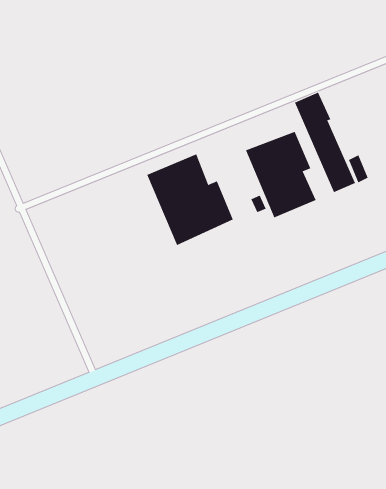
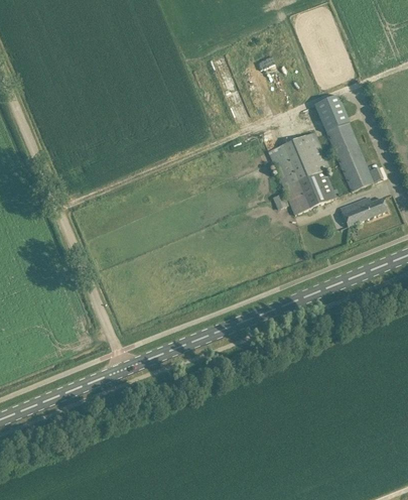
building: [147,153,234,246] -> none
building: none -> [339,196,387,226]

